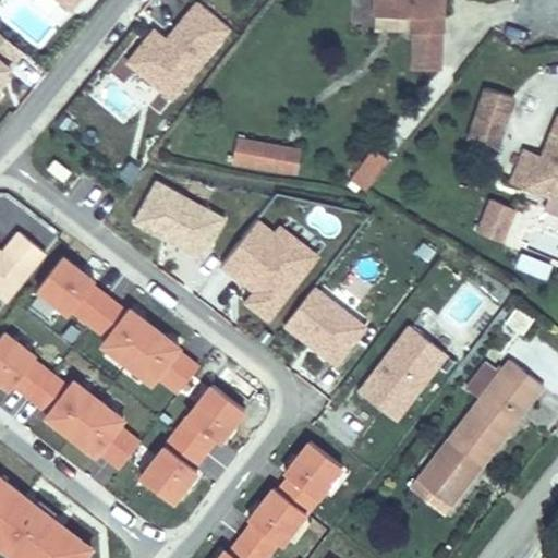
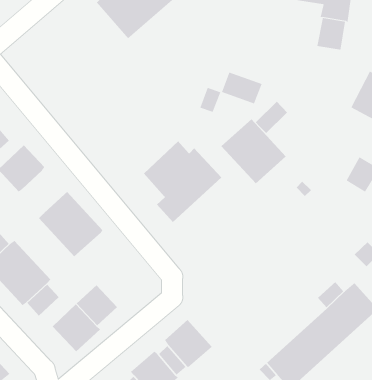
building: [232,137,282,172] -> [221,72,262,104]
building: [131,179,227,260] -> none
building: [72,284,125,338] -> none
building: [282,287,367,368] -> [221,118,287,184]
building: [356,323,448,421] -> none
building: [158,350,201,393] -> none
building: [185,384,247,445] -> none

